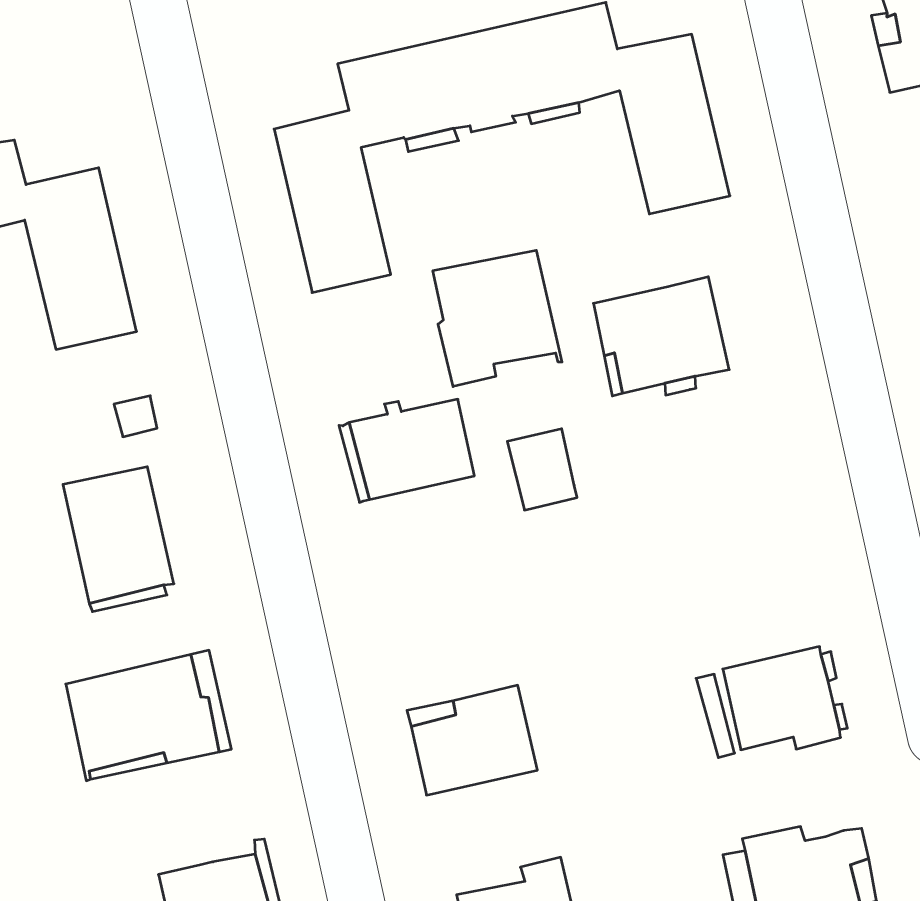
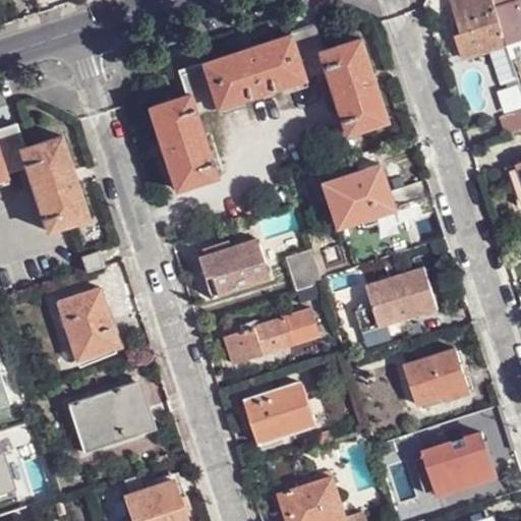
building: [433,250,562,387] -> none
building: none -> [349,265,437,333]
building: none -> [223,309,316,363]

